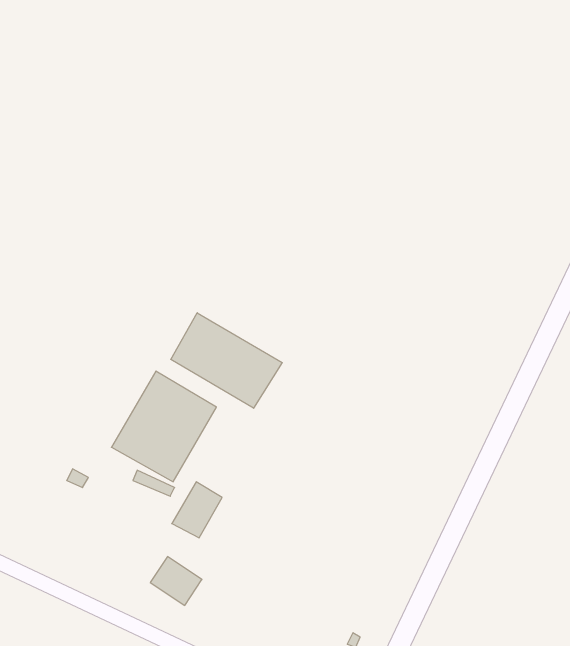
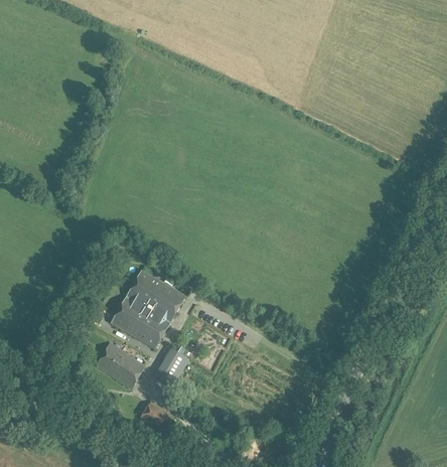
building: [171,313,282,408] -> none
building: none -> [96,344,145,390]

